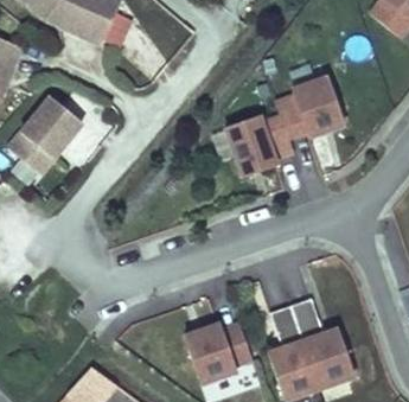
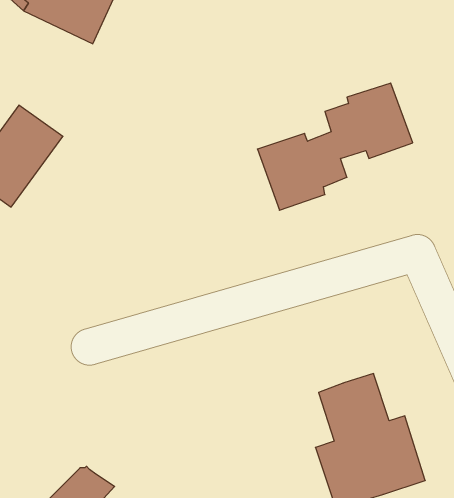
building: [186,321,254,383] -> none

